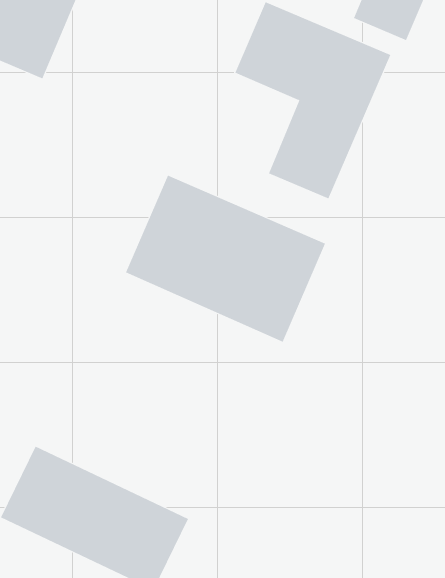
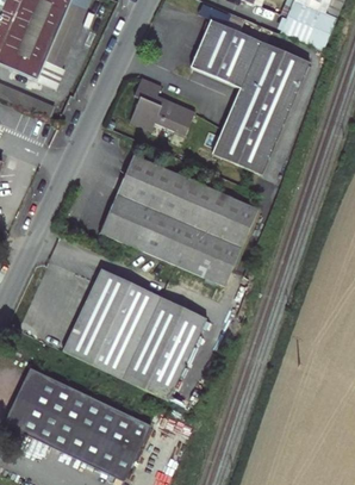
building: none -> [129,77,194,135]
building: none -> [62,268,206,399]

